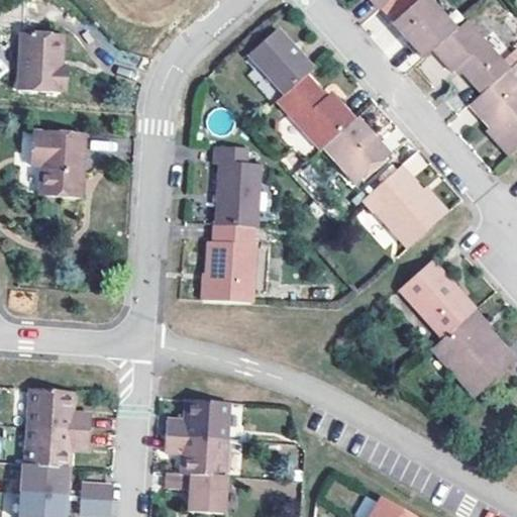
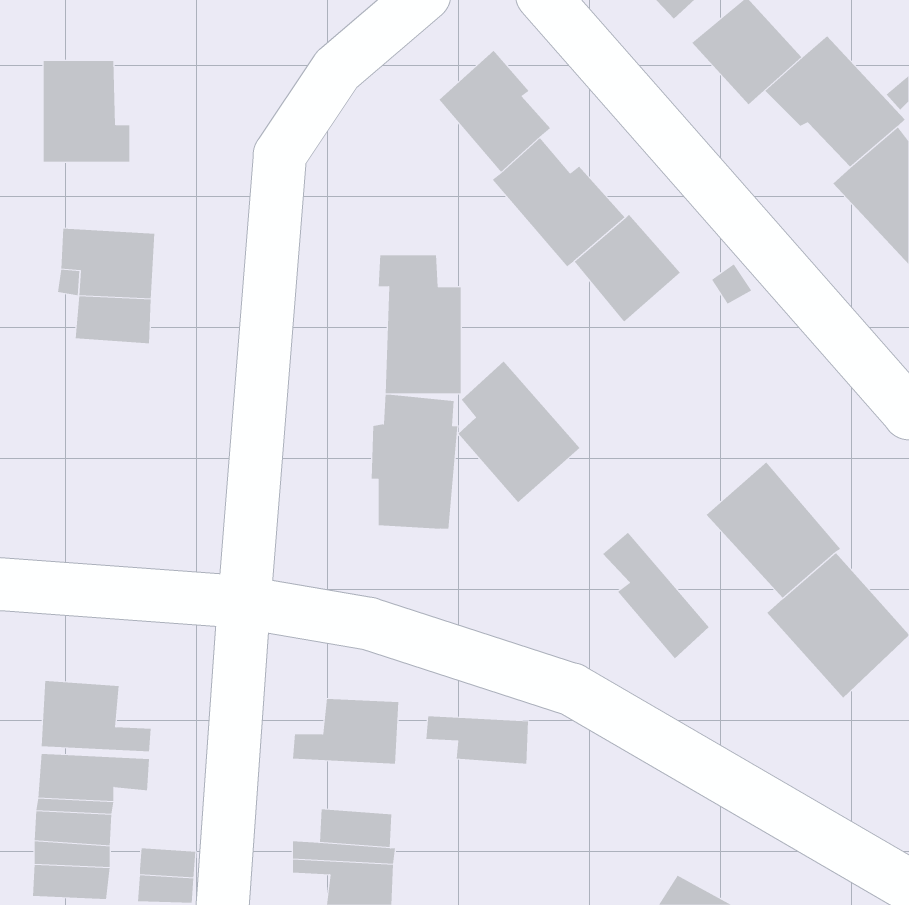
building: [374,168,443,248] -> [457,361,580,503]
building: none -> [602,532,710,659]
building: [165,434,223,461] -> [426,716,529,764]

